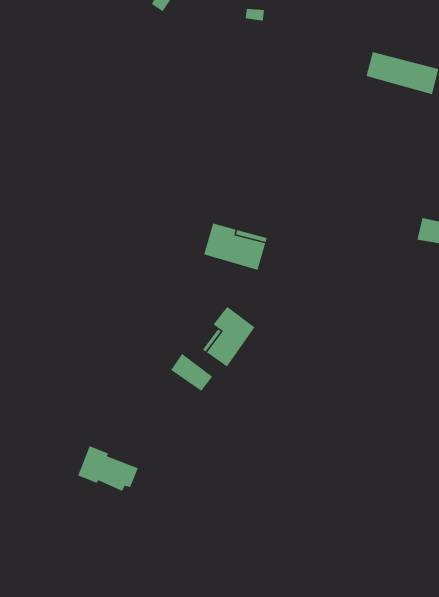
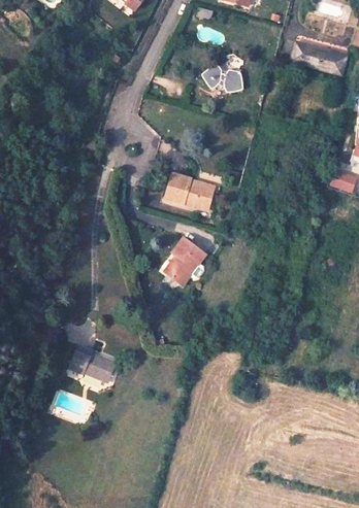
building: none -> [201,65,243,93]
building: [170,353,213,392] -> none

